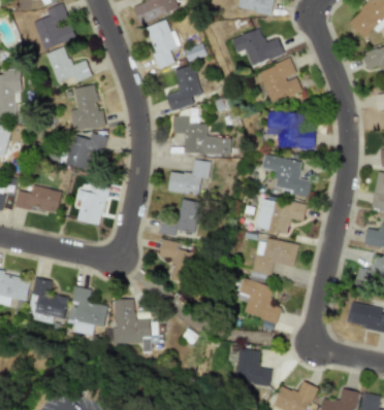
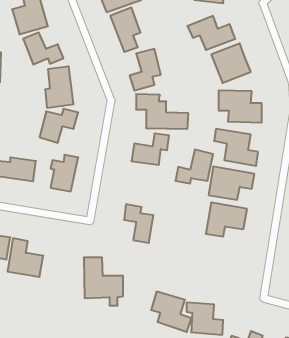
building: [160,198,202,236] -> [175,150,213,184]
building: [236,278,282,323] -> [151,292,191,332]
building: [70,286,108,326] -> none

